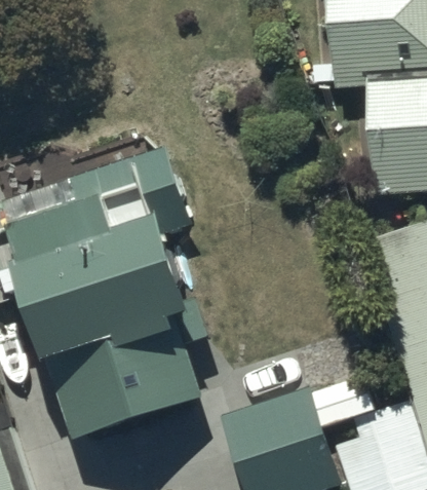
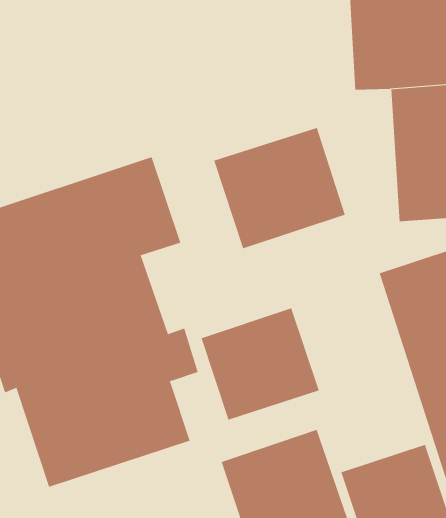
building: none -> [214,127,346,249]
building: none -> [201,308,319,420]

